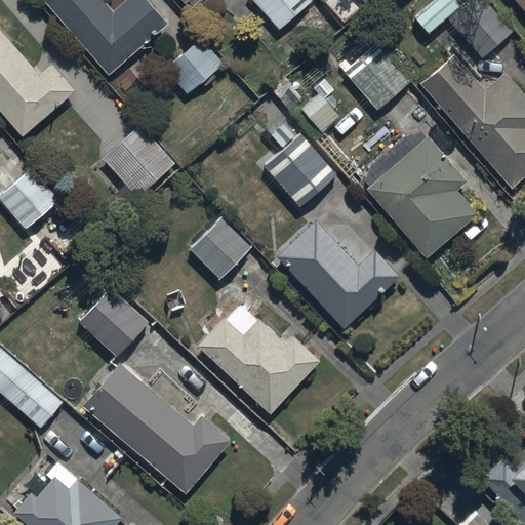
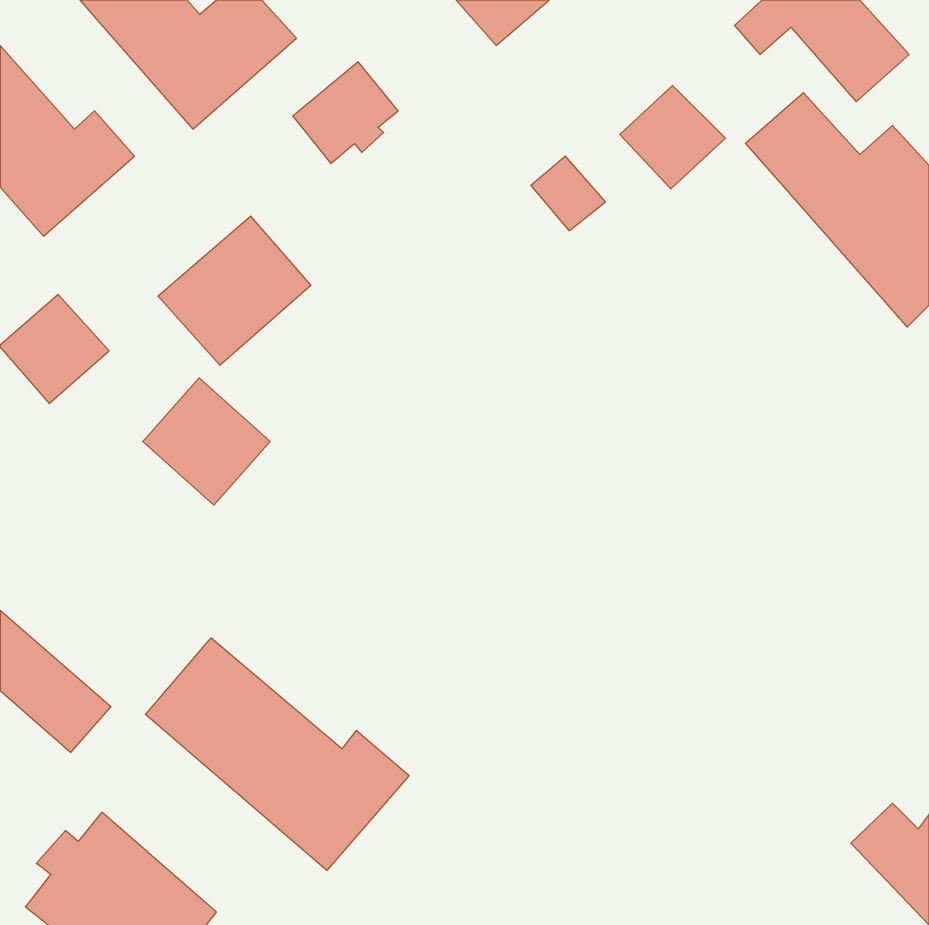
building: [266,134,337,207] -> none
building: [367,135,478,257] -> none
building: [190,217,251,279] -> none
building: [276,218,400,329] -> none
building: [76,286,148,358] -> [143,378,270,505]
building: [197,305,320,413] -> none

